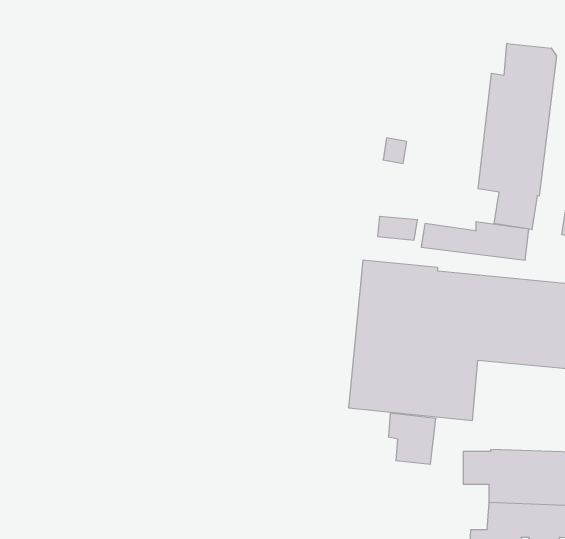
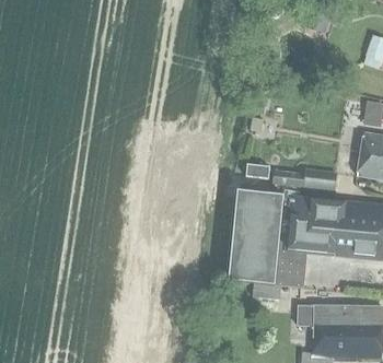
building: [478,43,556,230] -> none

